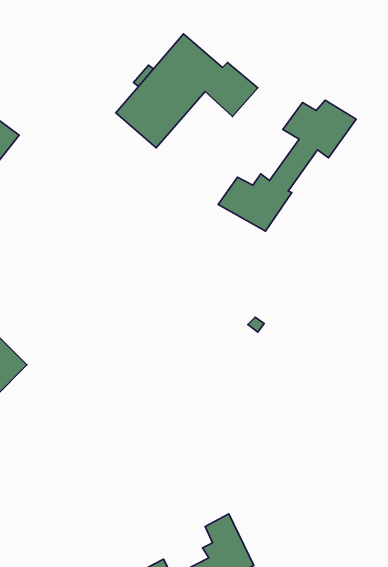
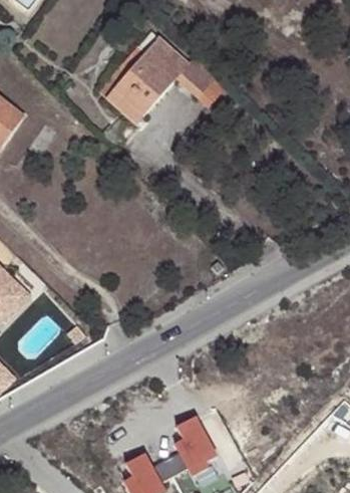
building: [218,100,356,231] -> none

